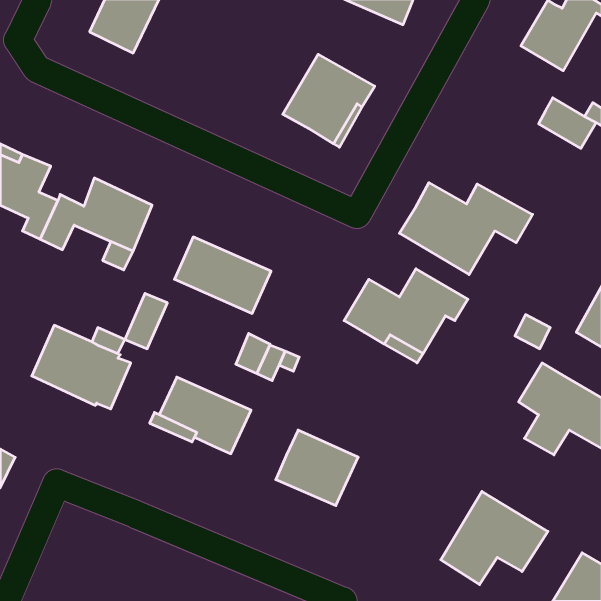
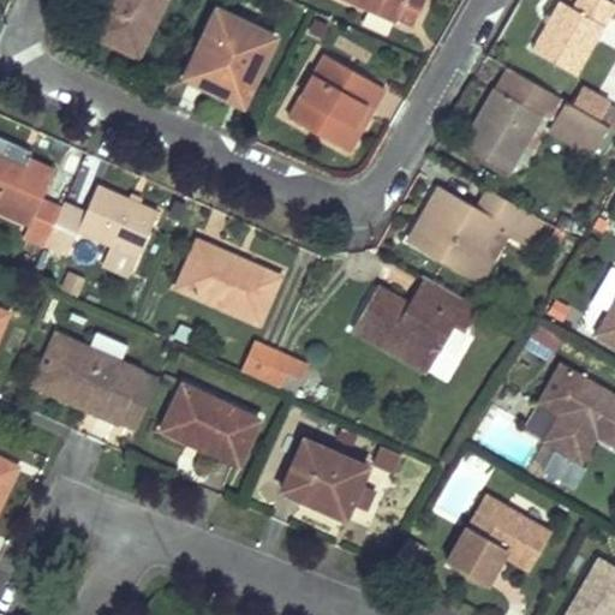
building: none -> [185,11,273,105]
building: none -> [462,66,559,169]
building: [125,293,167,349] -> [114,370,157,426]

